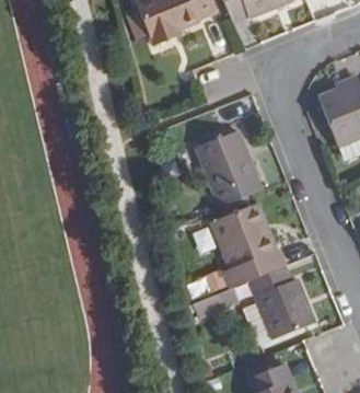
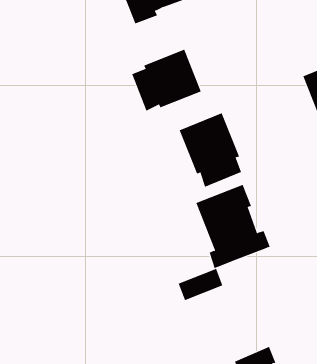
building: none -> [132,49,201,111]
building: [249,266,315,338] -> none

